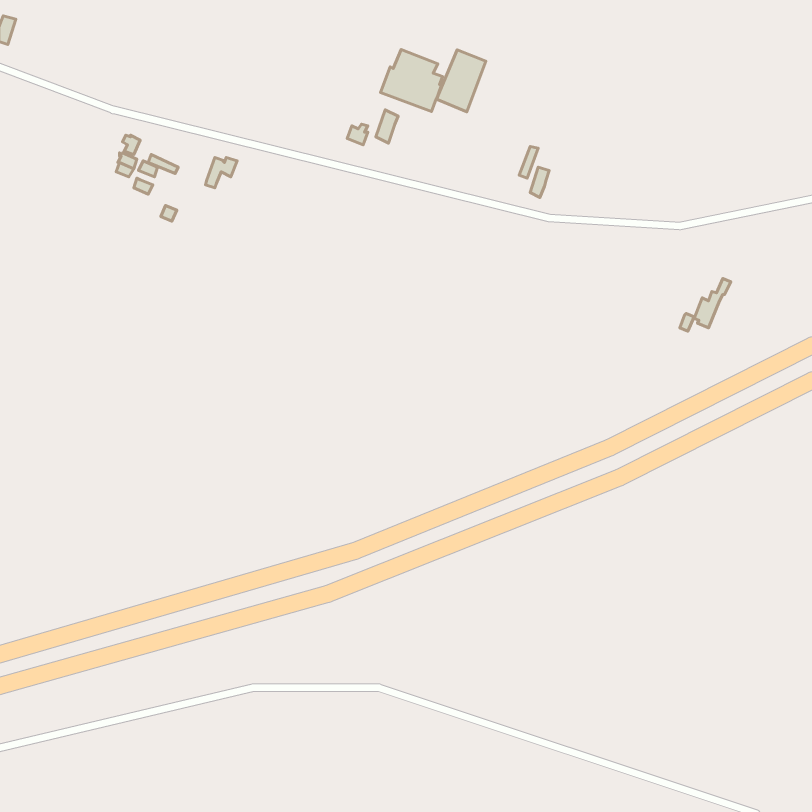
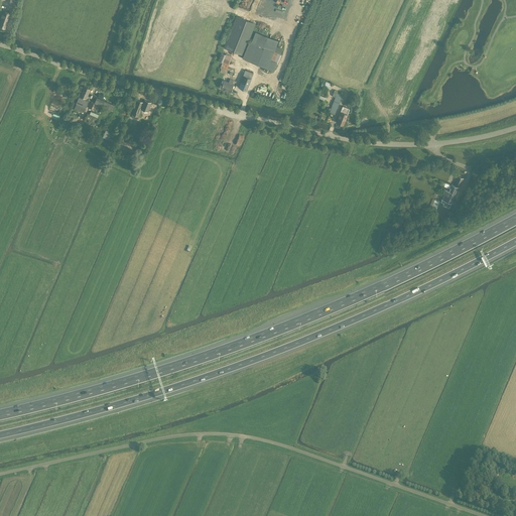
building: [437,50,486,112] -> [223,17,254,56]

